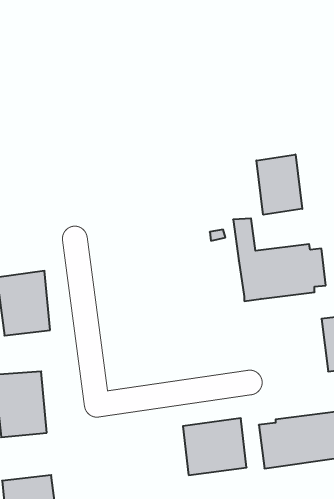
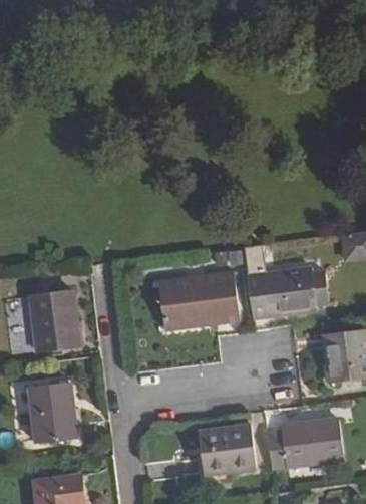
building: [256,154,302,215] -> none
building: none -> [157,273,239,330]

